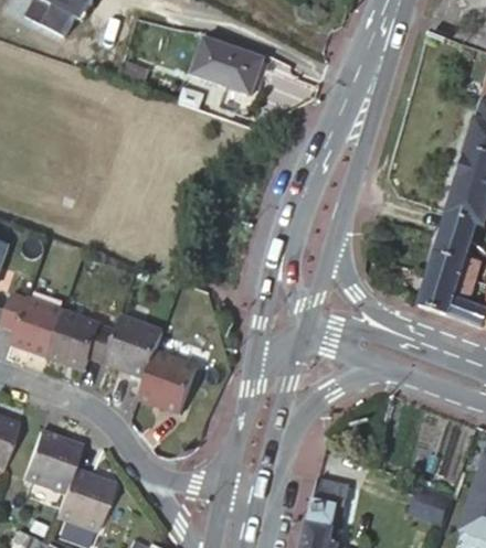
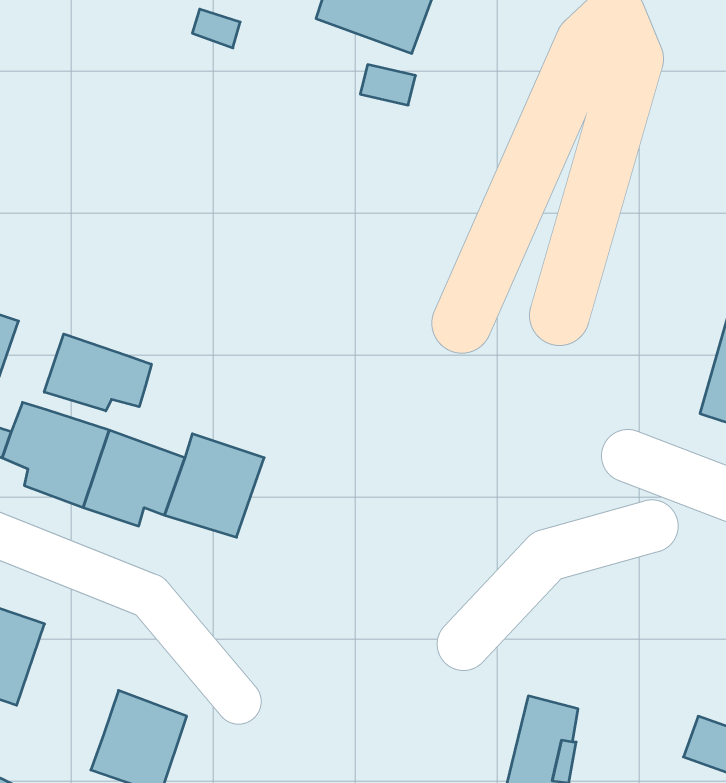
building: none -> [44,334,151,411]
building: [138,347,192,406] -> none
building: [28,433,80,494] -> none

